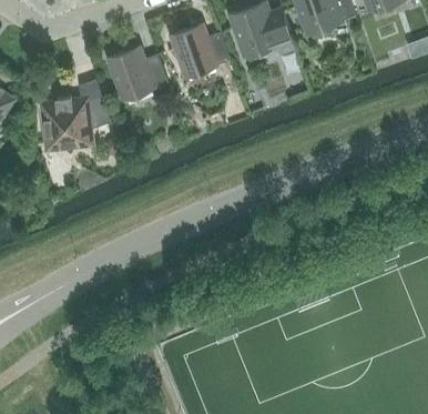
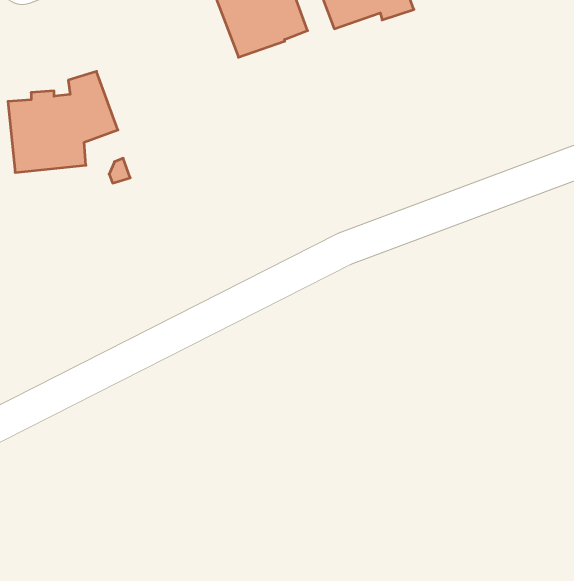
building: [109,47,167,100] -> none

